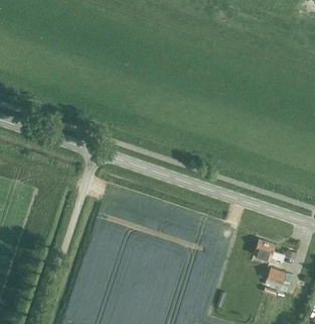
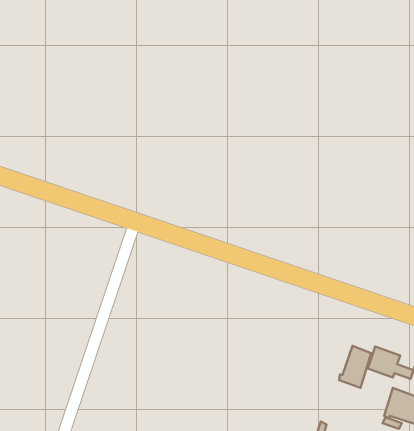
building: none -> [339,346,371,388]

